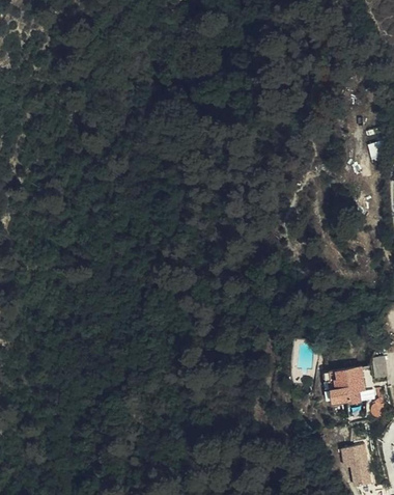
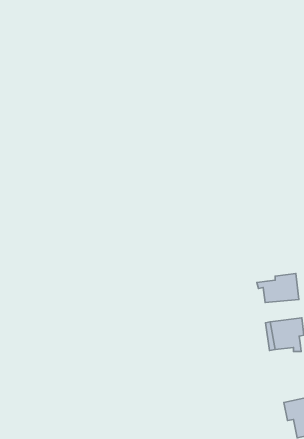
building: none -> [257,274,299,303]

